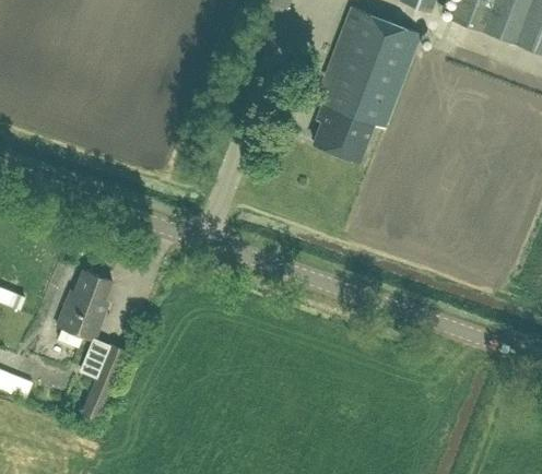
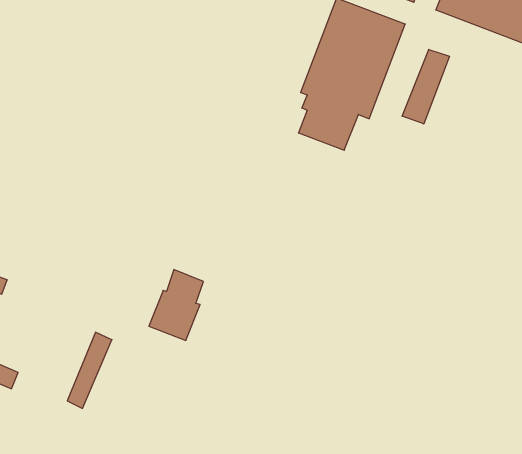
building: none -> [402,49,449,124]
building: [57,270,111,341] -> [149,270,203,340]

